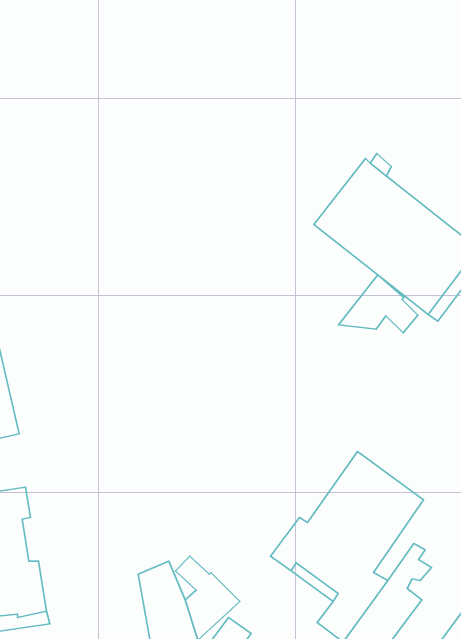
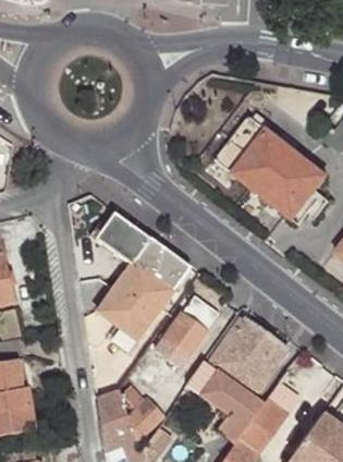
building: [338,275,418,333] -> none
building: none -> [95,210,189,339]
building: none -> [152,295,218,368]

